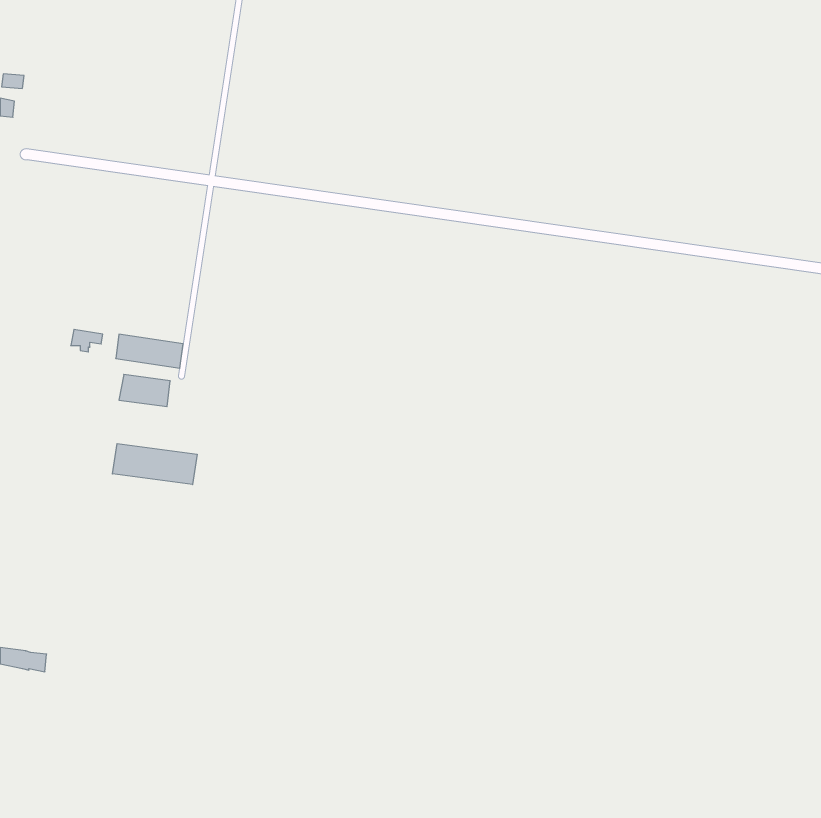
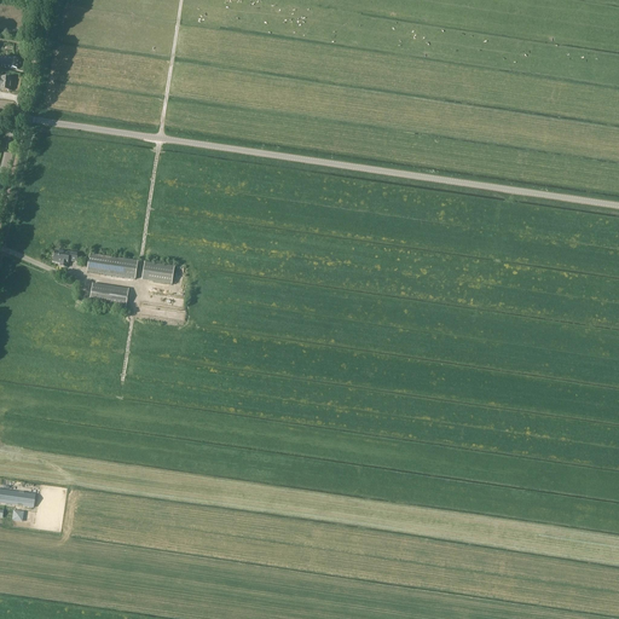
building: none -> [141,261,174,283]
building: [112,444,197,485] -> none

